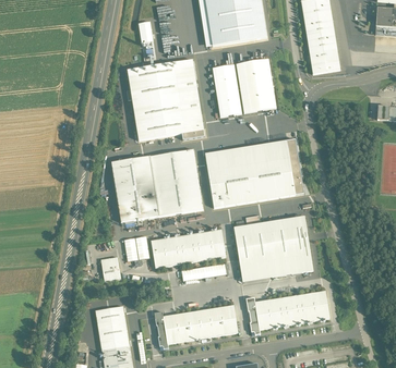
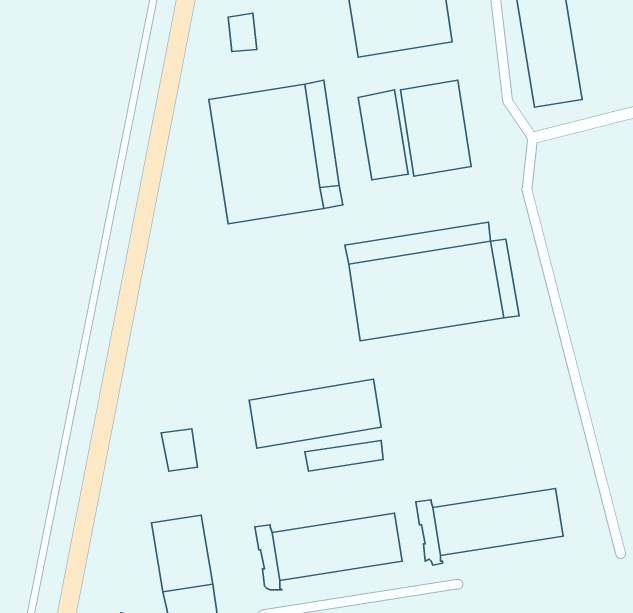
building: [111,149,203,222] -> none
building: [233,216,313,281] -> none
building: [124,236,151,261] -> none

